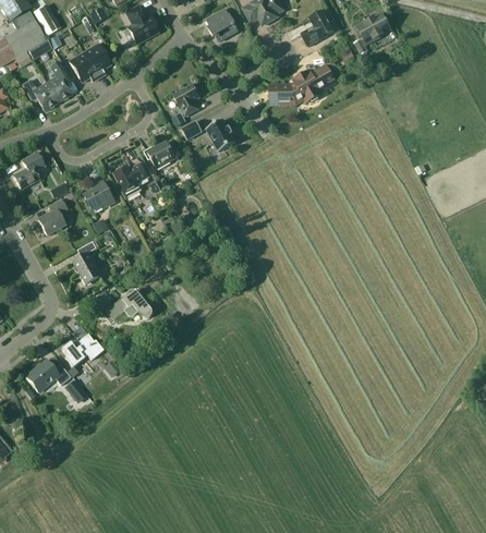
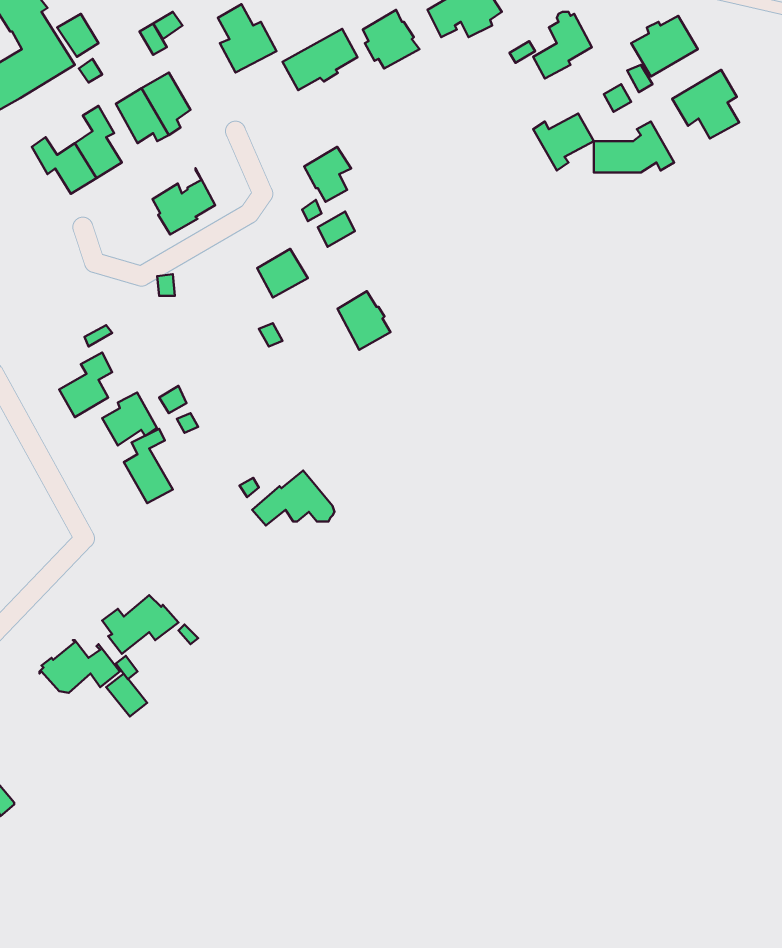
building: none -> [283,29,358,90]
building: none -> [672,70,739,138]
building: [269,74,314,102] -> [594,121,674,172]
building: [206,118,235,150] -> [337,291,390,350]
building: [12,150,45,189] -> none
building: [113,156,148,193] -> [152,168,215,235]
building: [84,181,114,210] -> [102,393,157,446]
building: [107,289,153,319] -> [252,471,334,525]

